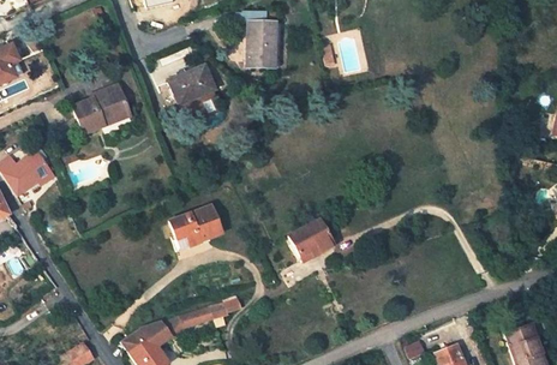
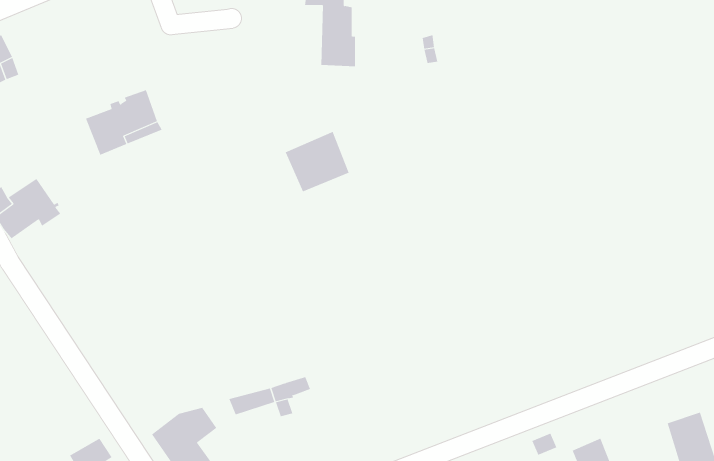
building: [169,65,217,110] -> [285,131,349,192]
building: [170,205,222,251] -> none
building: [289,219,334,259] -> none

